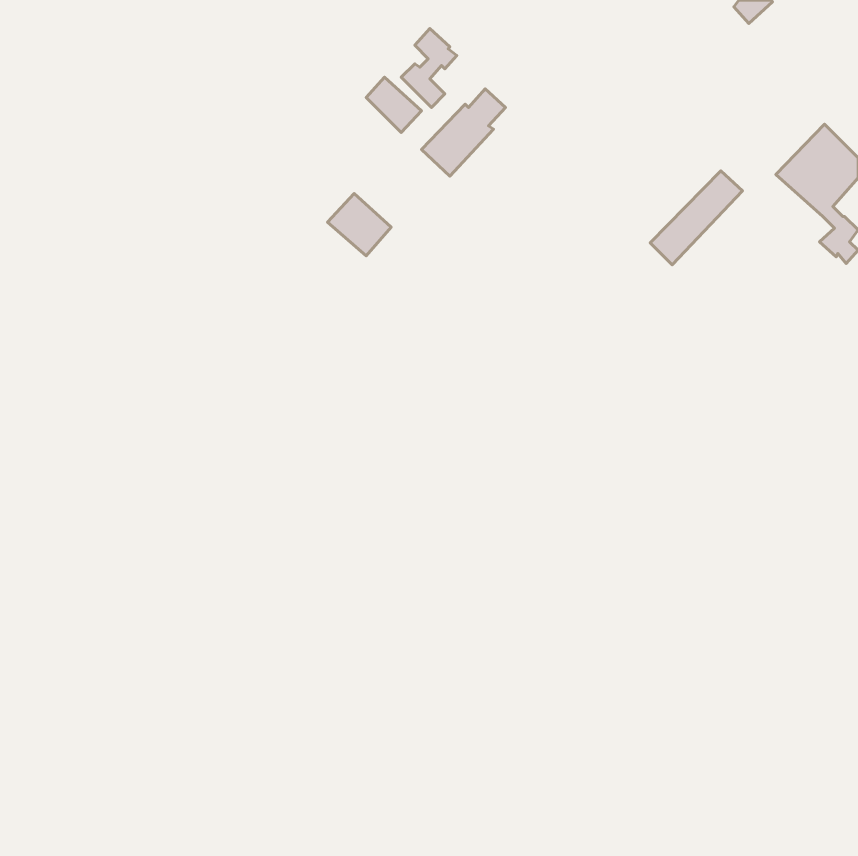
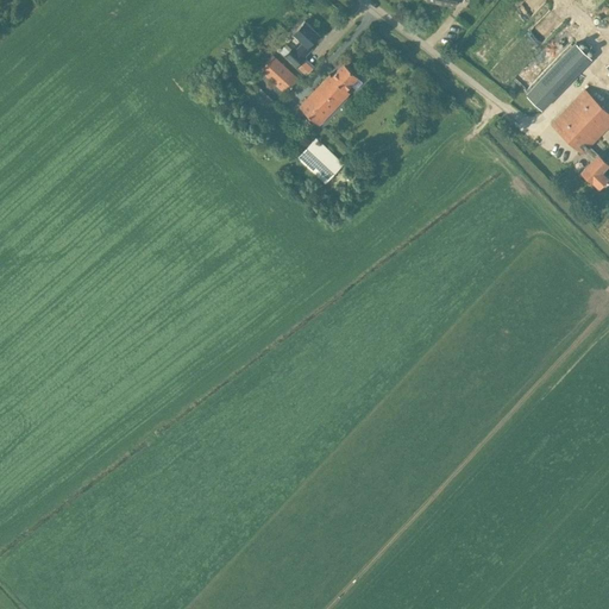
building: [650,171,743,265] -> [525,44,590,111]
building: [327,194,391,256] -> [297,139,343,183]

